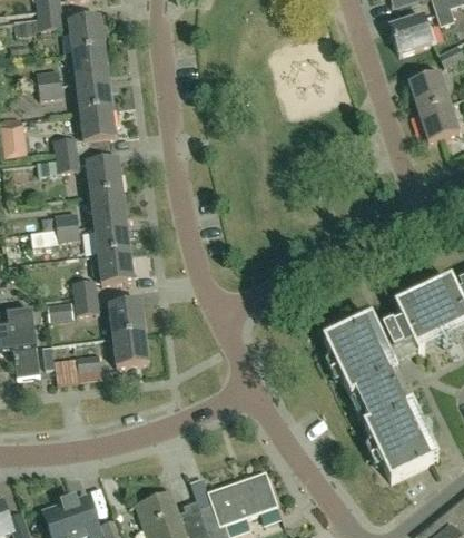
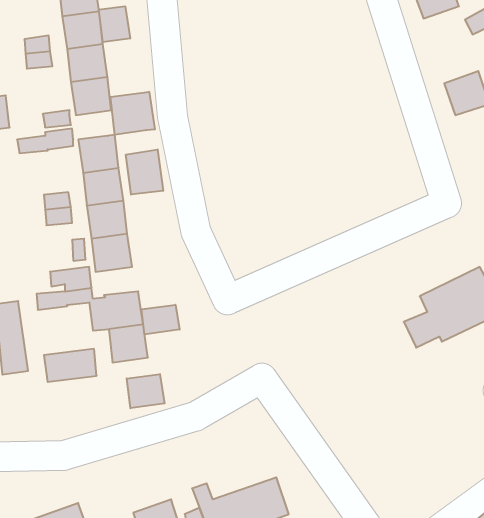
building: none -> [99,6,130,42]
building: [409,74,450,113] -> none
building: none -> [110,92,155,135]
building: none -> [126,149,163,195]
building: none -> [142,305,180,334]
building: [324,320,432,480] -> none
building: none -> [127,374,165,408]

